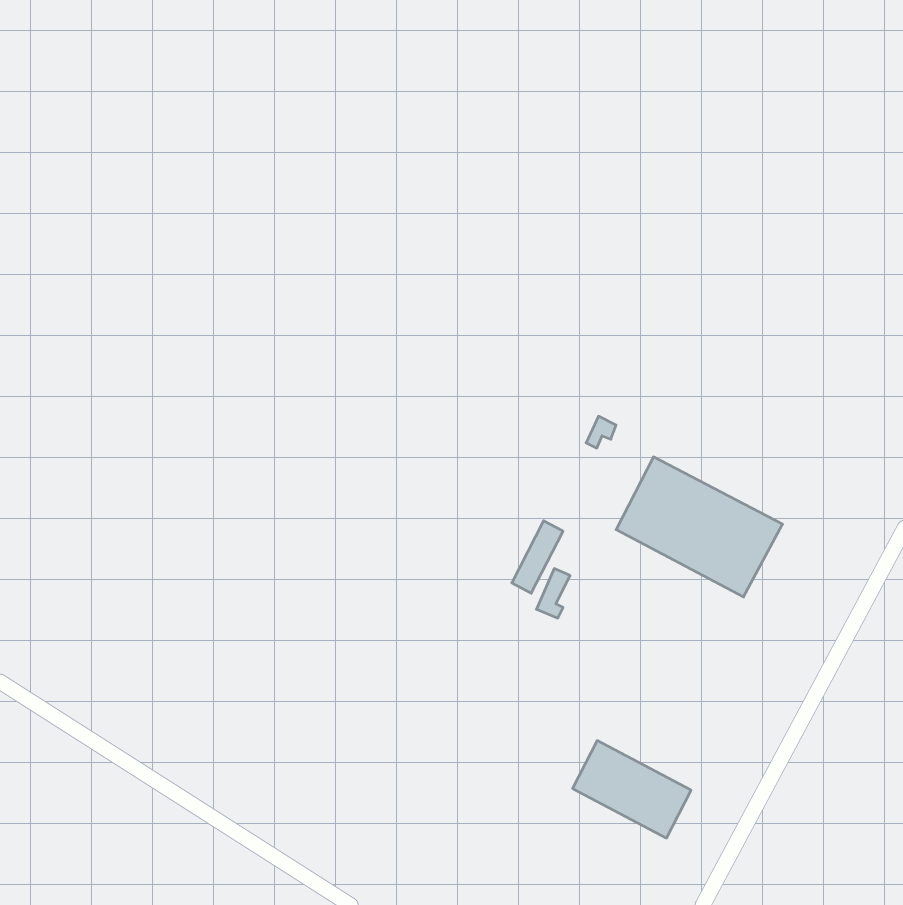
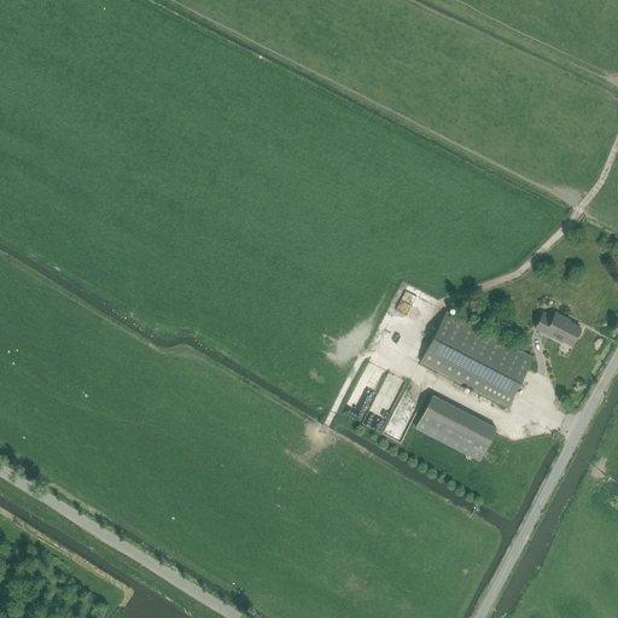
building: none -> [536,313,583,345]
building: [573,741,691,838] -> [416,395,497,461]

